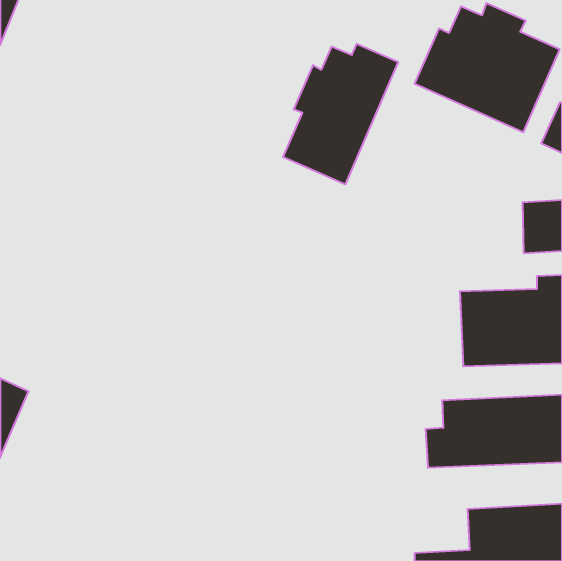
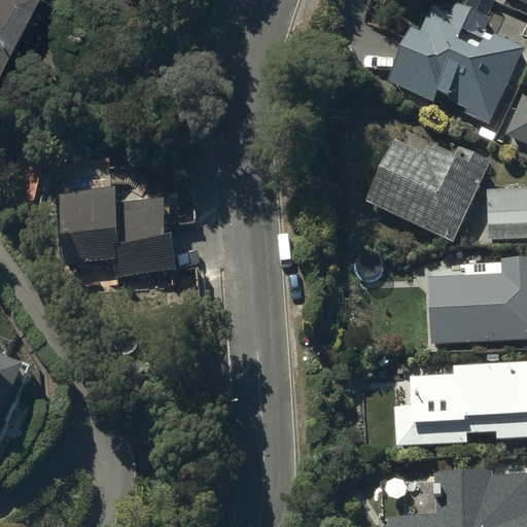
building: [283,44,398,184] -> none
building: none -> [368,141,493,240]
building: none -> [60,186,179,276]

